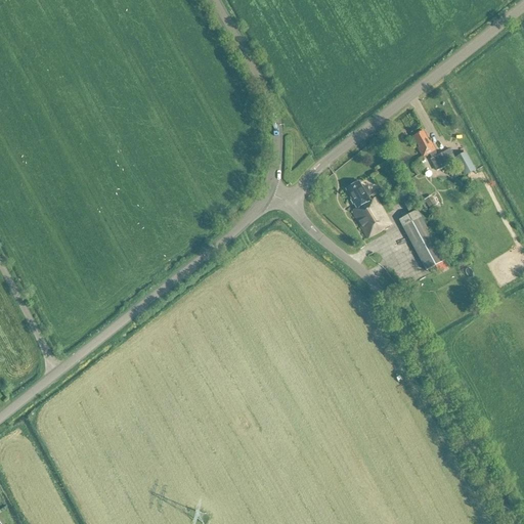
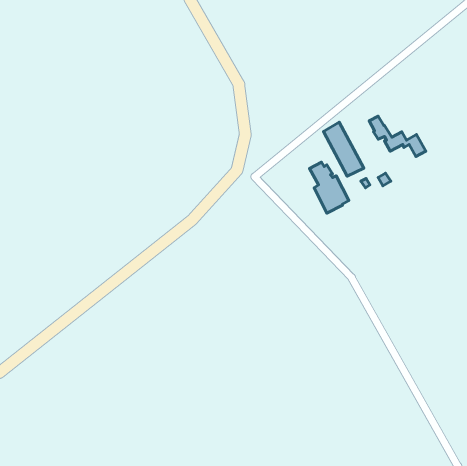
building: [399,209,444,269] -> [323,122,364,176]

